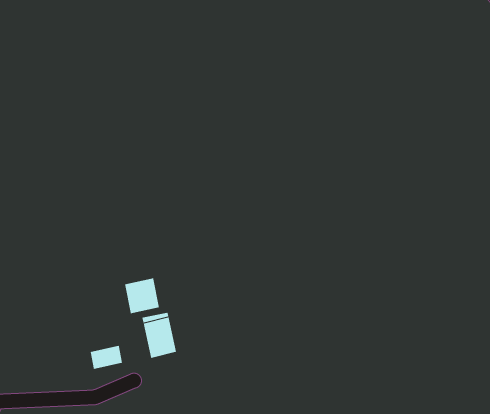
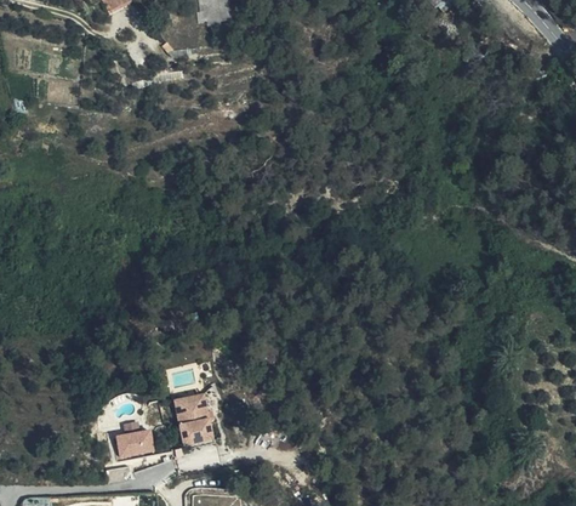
building: [125,277,159,314] -> none

